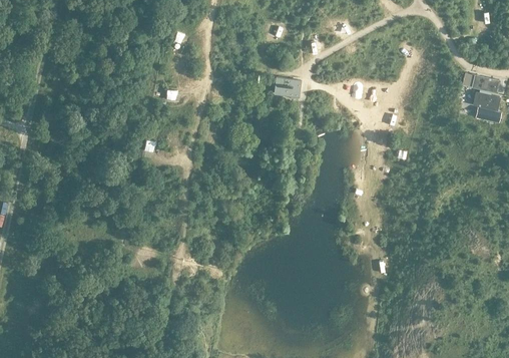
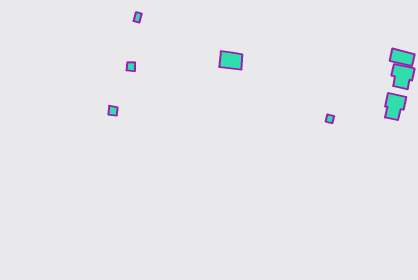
building: none -> [385,93,406,120]

